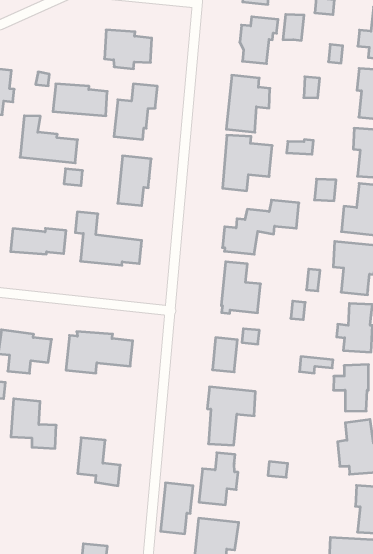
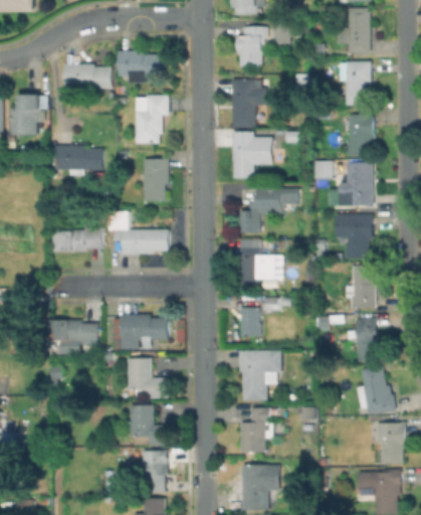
building: [53,84,107,116] -> [65,63,112,89]
building: [11,399,56,448] -> [128,358,168,398]
building: [161,483,193,534] -> [143,451,167,493]

